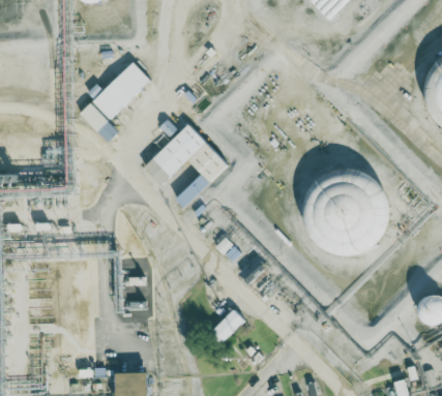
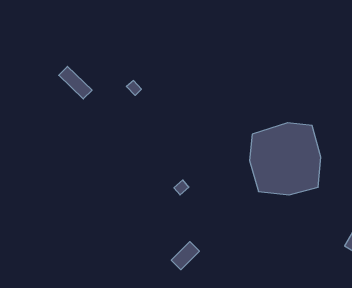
building: [91,62,149,119] -> none
building: [144,124,227,207] -> none

